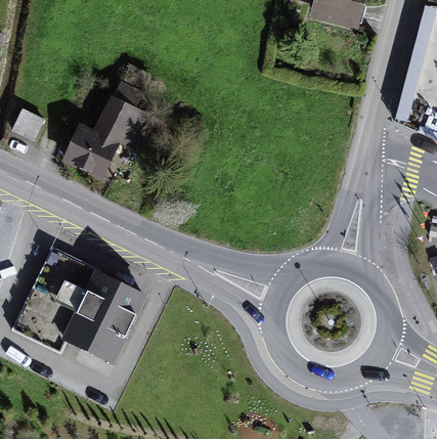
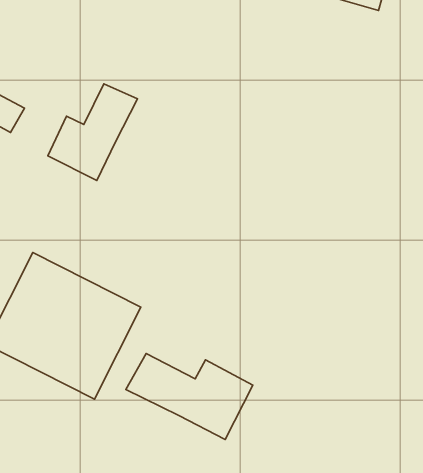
building: none -> [126,353,253,440]

